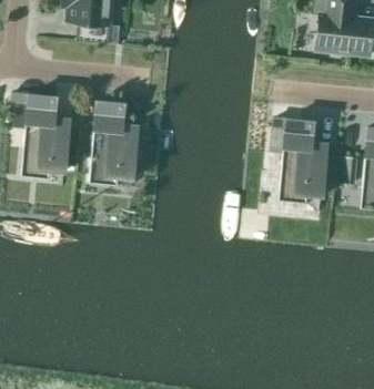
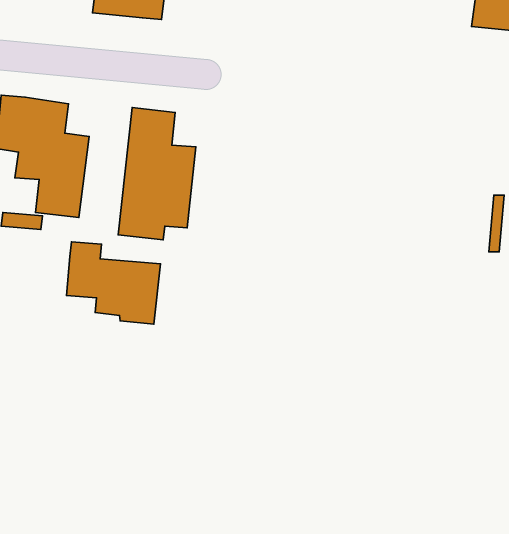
building: [273,116,328,195] -> none
building: none -> [66,242,160,324]

